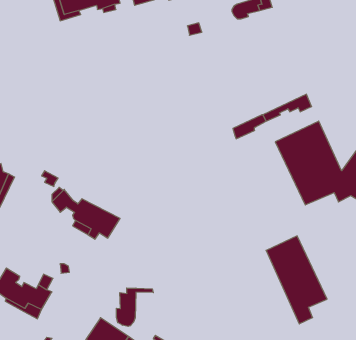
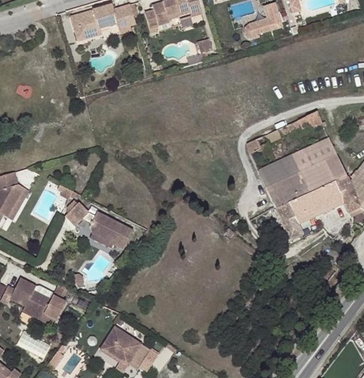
building: [266,236,327,324] -> [255,156,314,241]
building: [116,288,153,326] -> none

